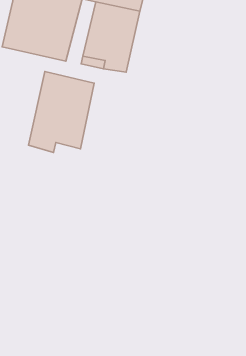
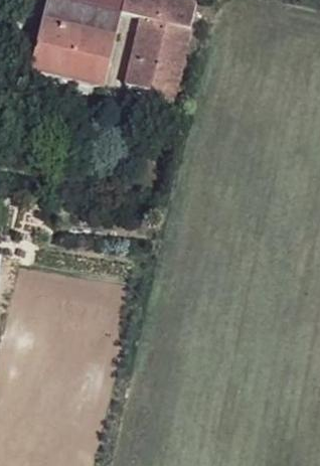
building: [28,72,94,153] -> none

